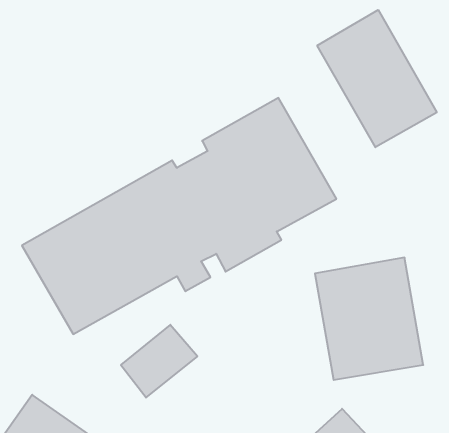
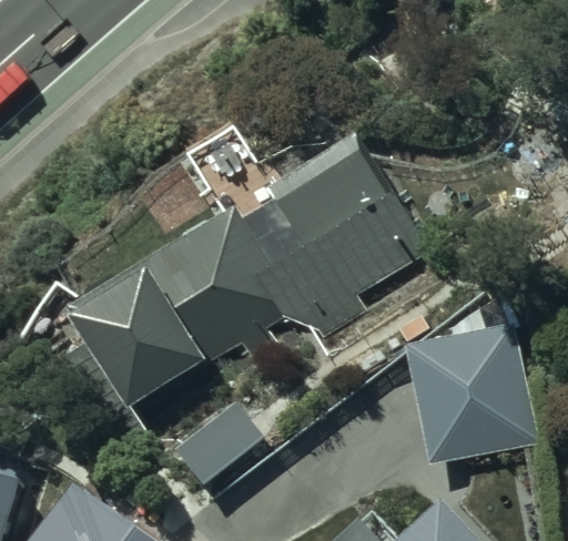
building: [317,10,437,147] -> none

